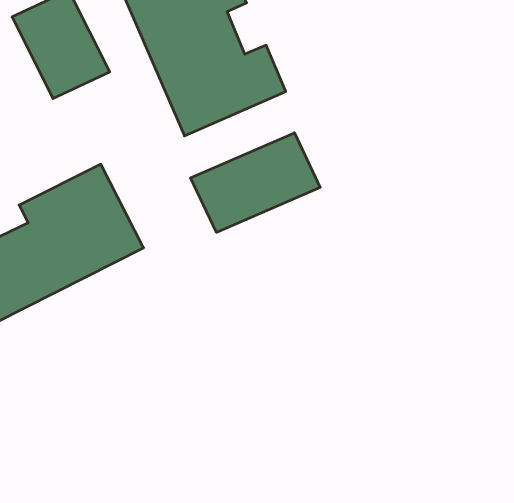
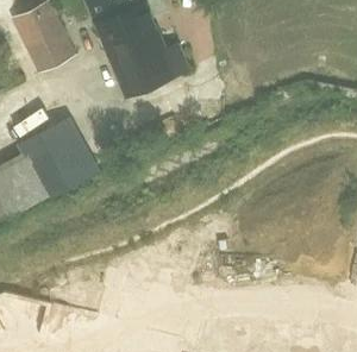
building: [191,133,320,232] -> none

